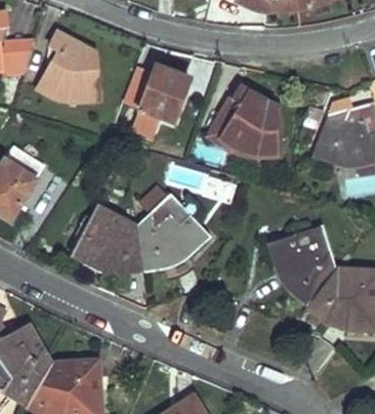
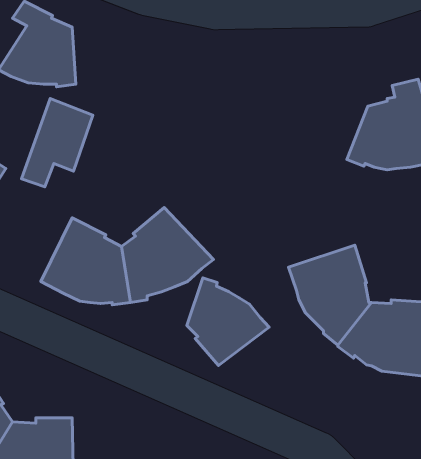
building: [133,65,190,134] -> [22,98,93,187]
building: [217,86,277,156] -> none
building: none -> [187,278,269,366]

